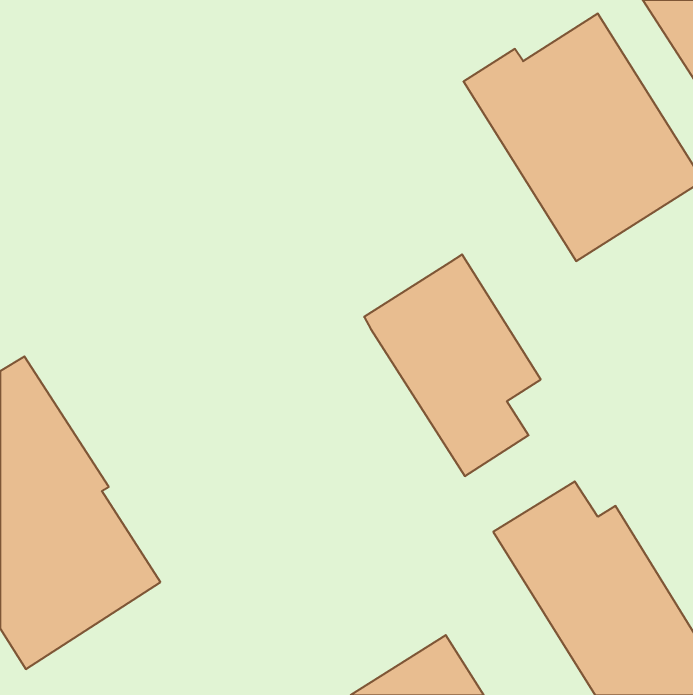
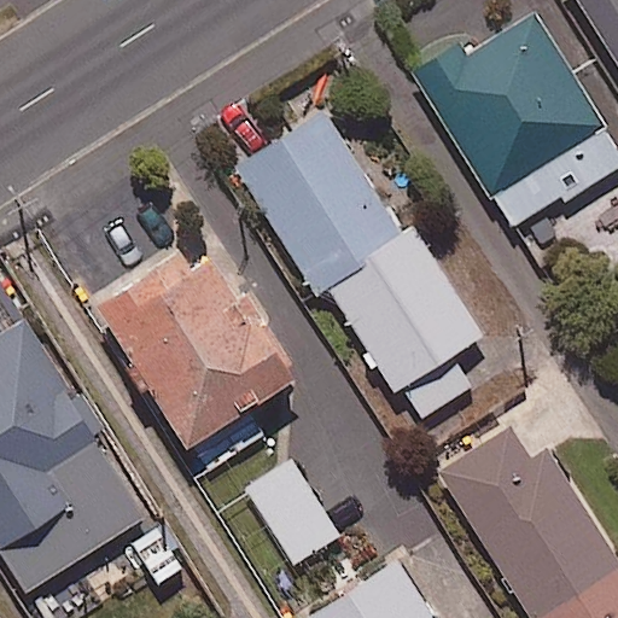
building: none -> [235,112,401,290]
building: none -> [91,239,298,476]
building: none -> [246,459,339,564]

